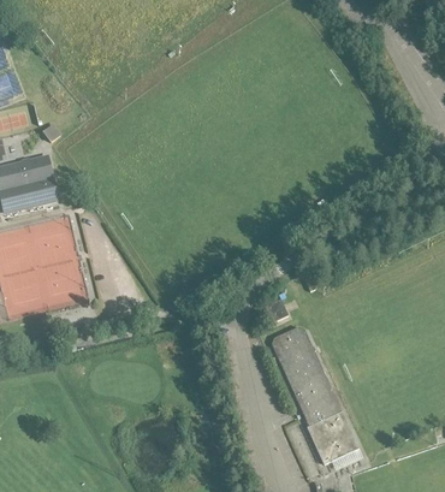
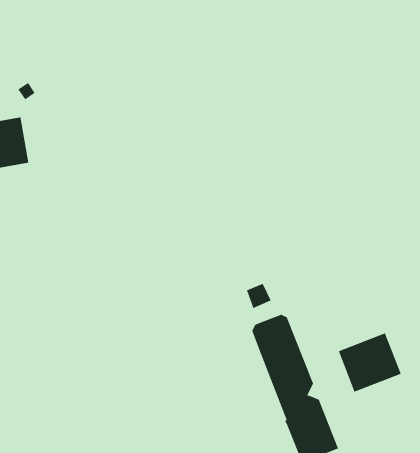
building: none -> [338,332,401,392]

